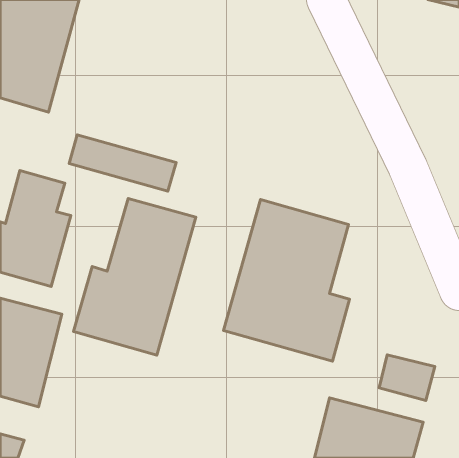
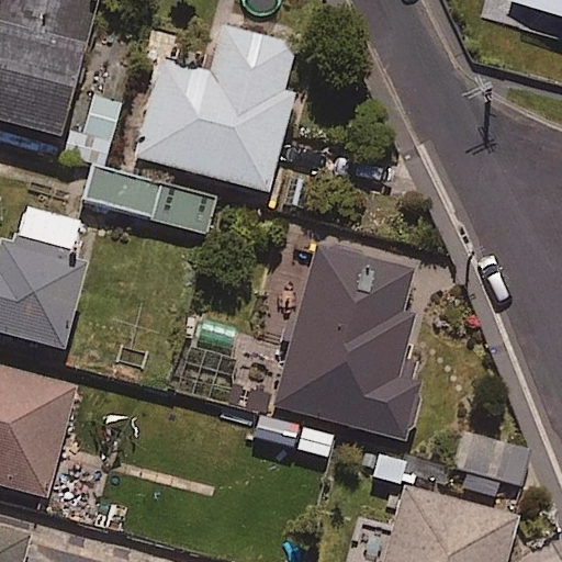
building: none -> [136,25,295,191]
building: [74,199,196,355] -> none

